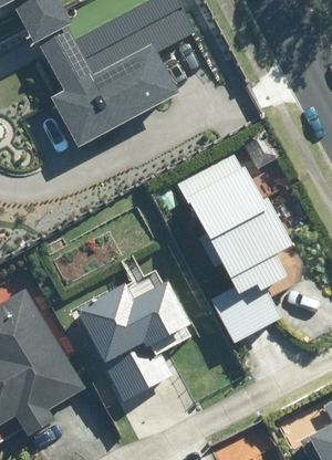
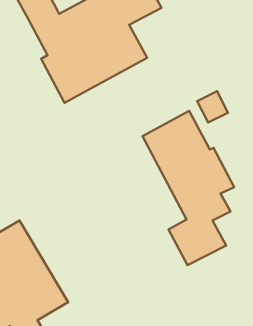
building: [75,283,194,403] -> none

